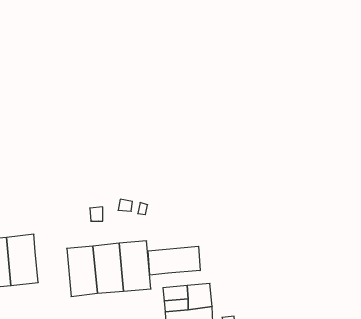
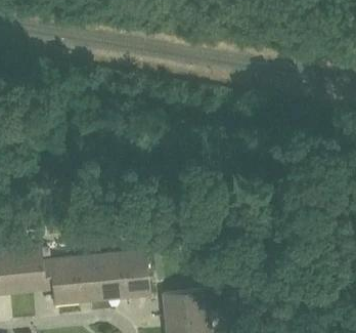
building: [148,246,200,275] -> none
building: none -> [46,256,80,303]

